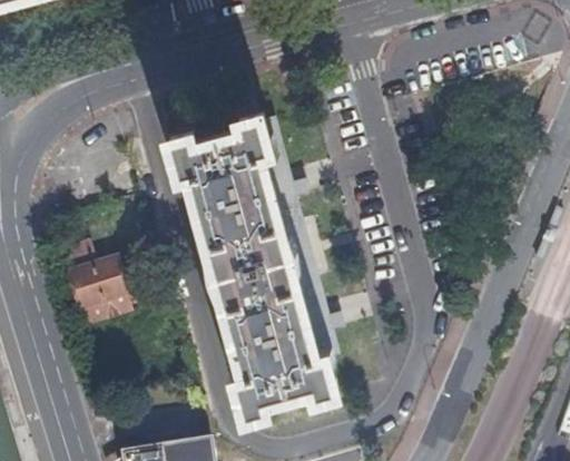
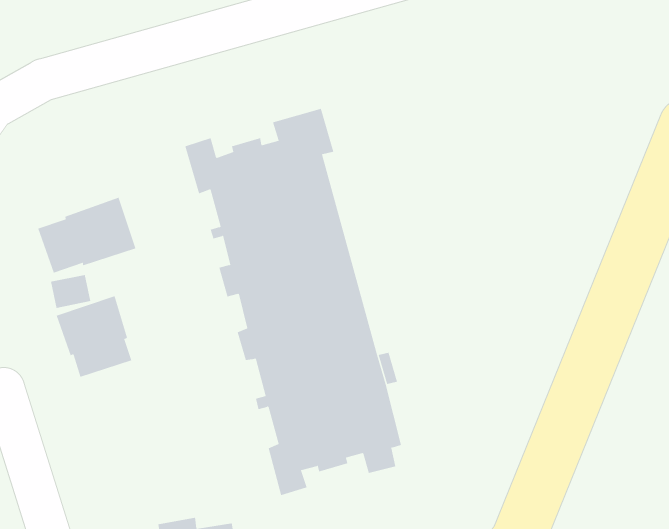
building: none -> [38,197,136,274]

